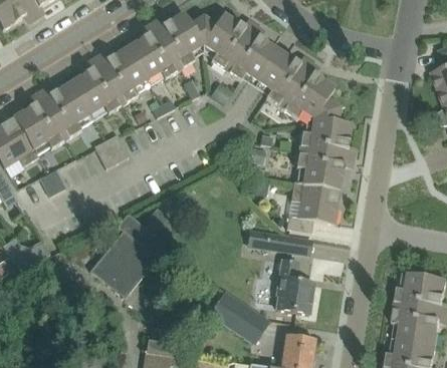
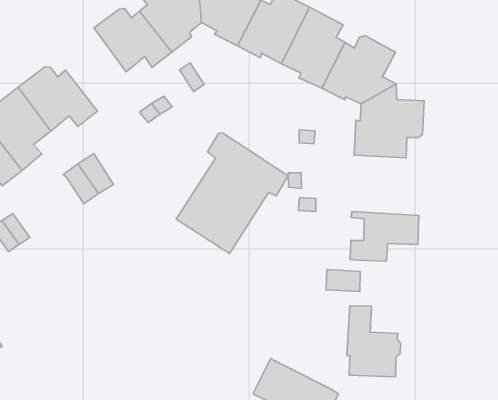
building: [103,46,146,104] -> none
building: [291,155,344,203] -> none
building: [89,214,171,298] -> [176,133,288,253]

